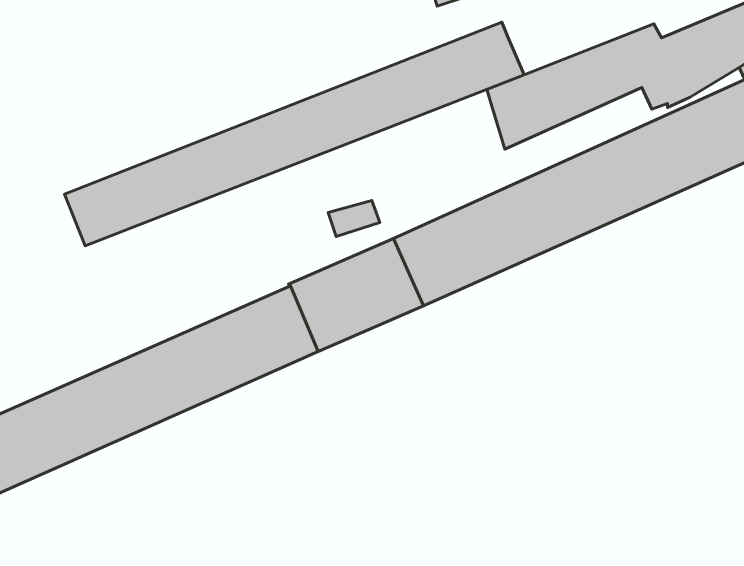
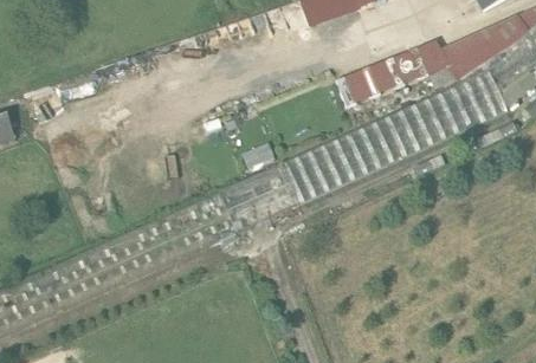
building: [65,22,524,246] -> none

